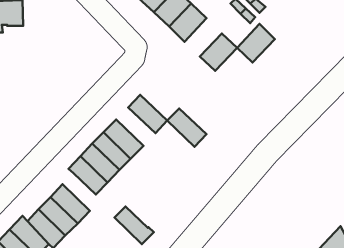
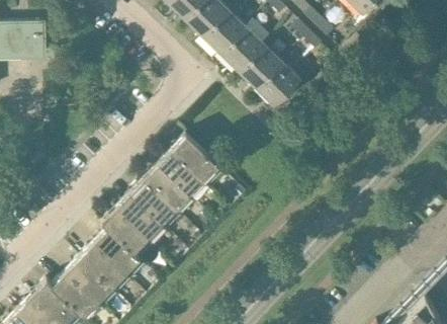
building: [237,24,275,62] -> [239,44,283,89]
building: [167,108,207,147] -> [158,150,204,195]
building: [114,207,154,244] -> [94,228,141,272]

